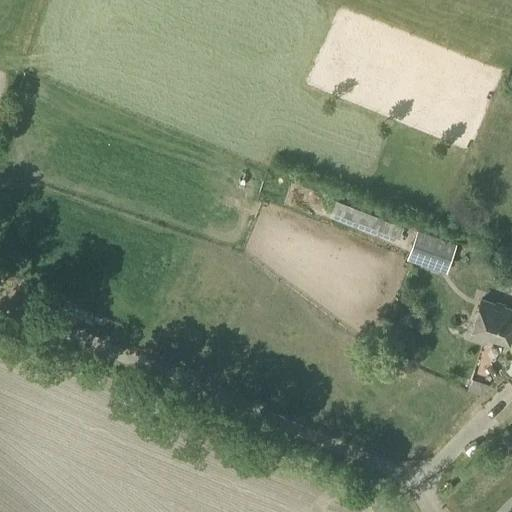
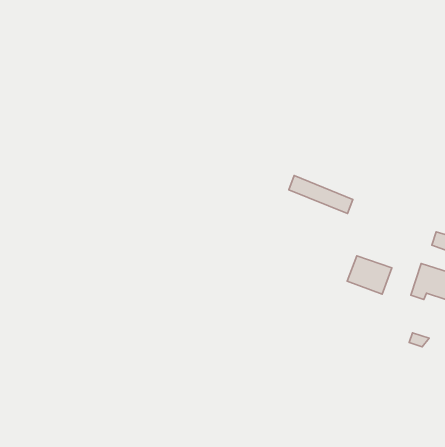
building: [408,230,459,274] -> [347,256,392,294]

